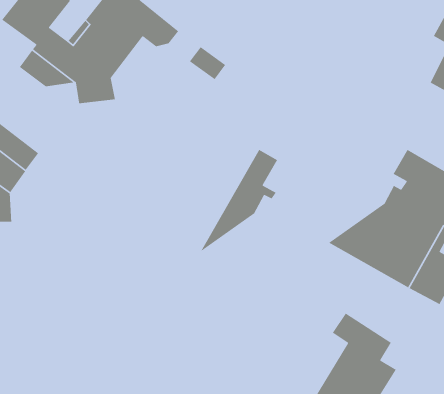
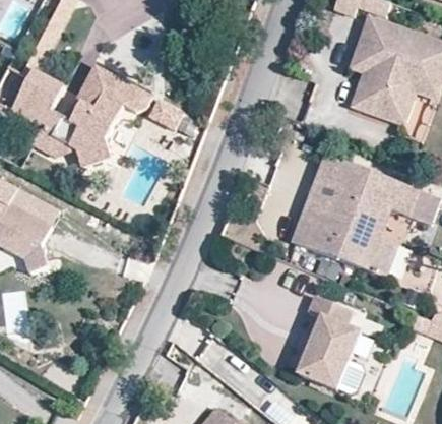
building: [199,149,278,254] -> [292,154,344,242]

